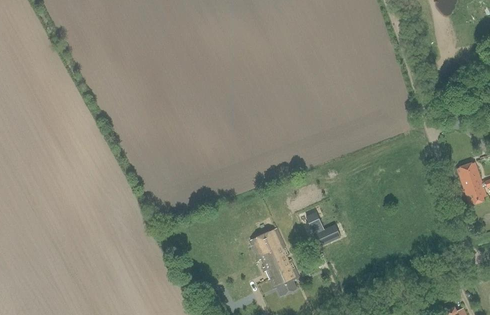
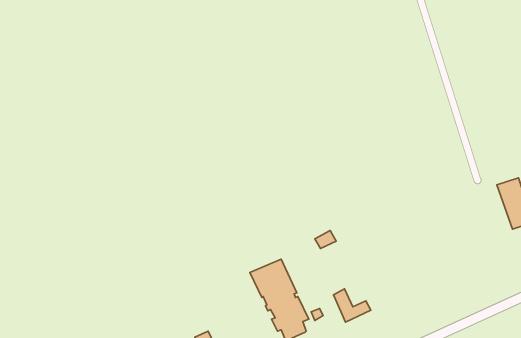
building: [310,218,341,246] -> [334,289,371,322]

